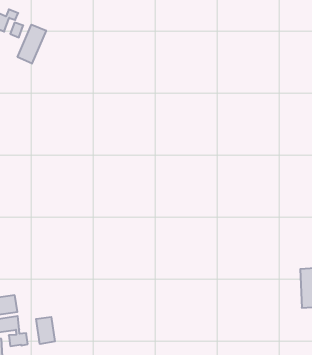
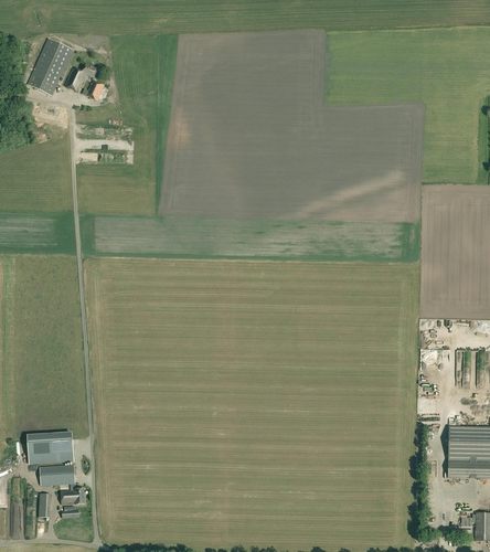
building: [18,25,46,64] -> none
building: [36,317,55,344] -> none

